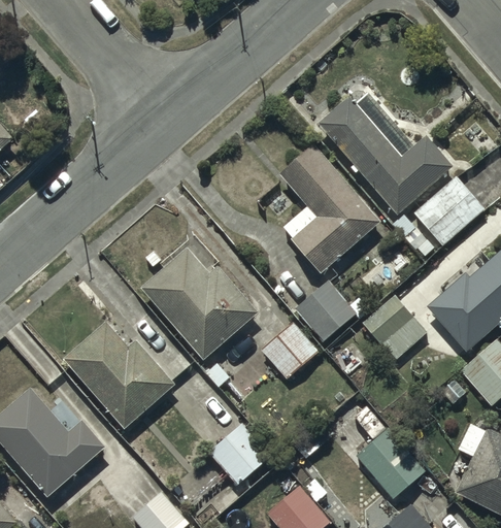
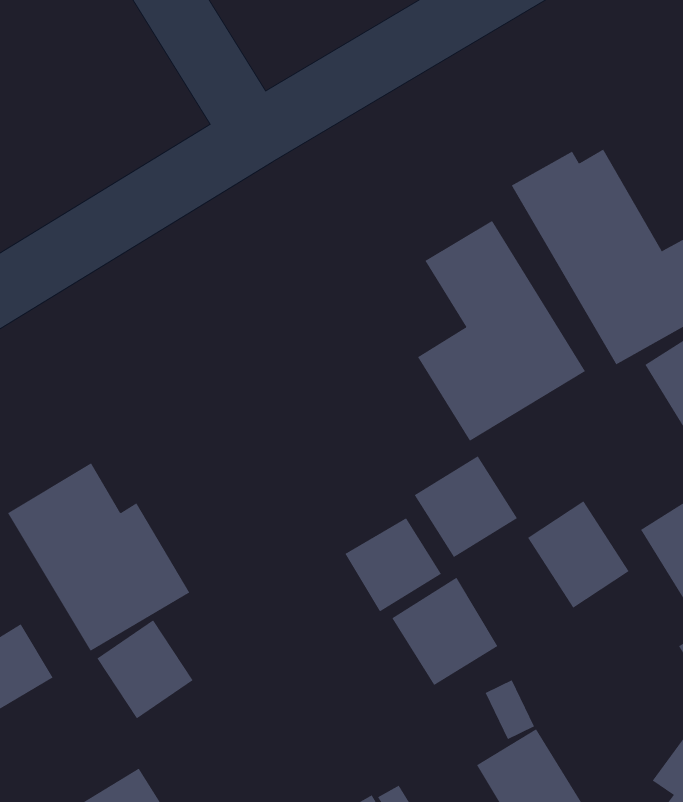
building: [141,246,259,360] -> none
building: none -> [392,577,498,686]
building: [209,426,267,485] -> [96,619,194,719]

